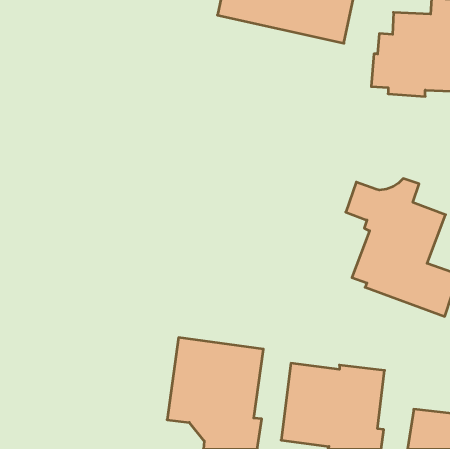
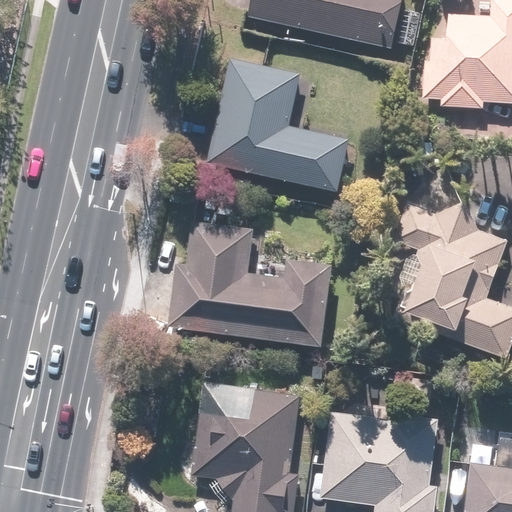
building: none -> [207,59,348,192]
building: none -> [167,222,331,348]

